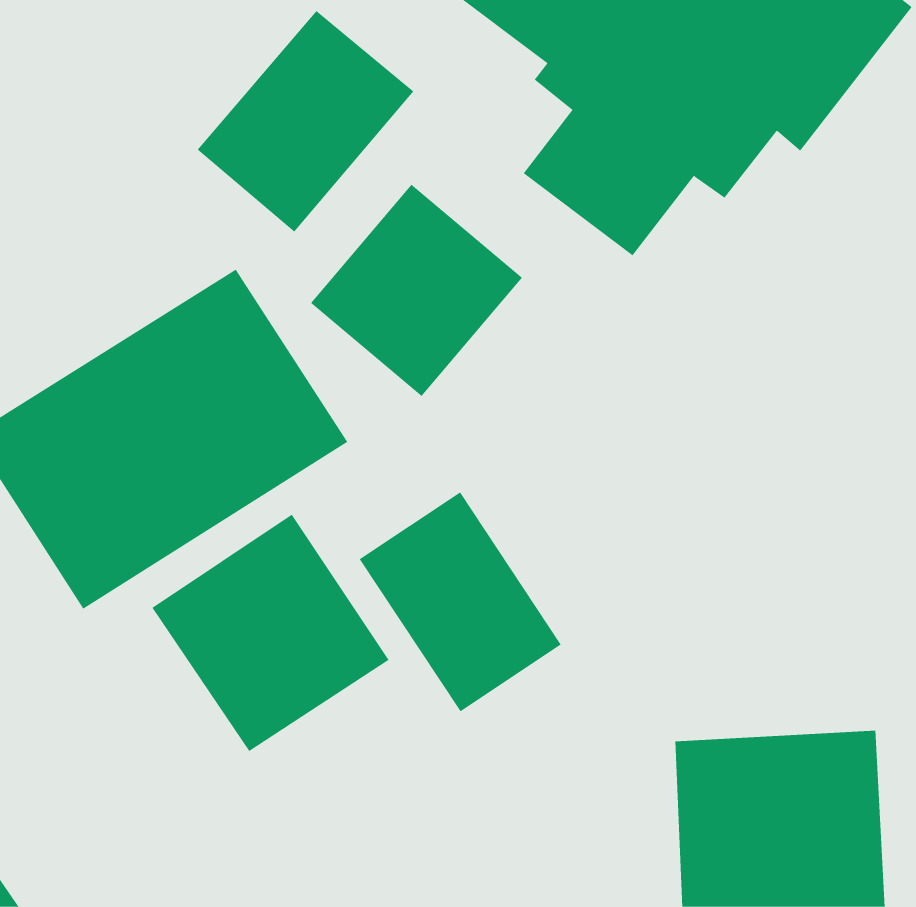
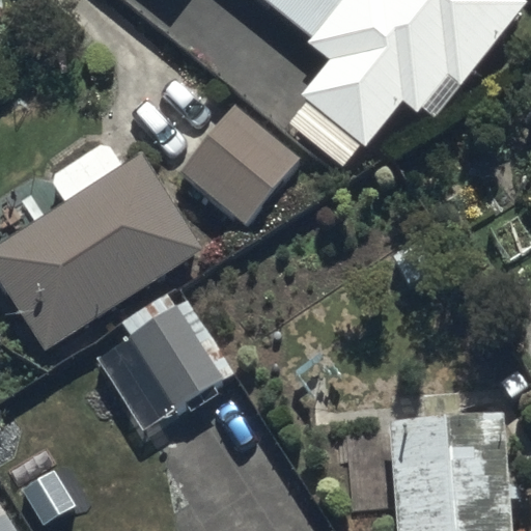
building: [197,10,414,233] -> none
building: [359,491,562,712] -> none

